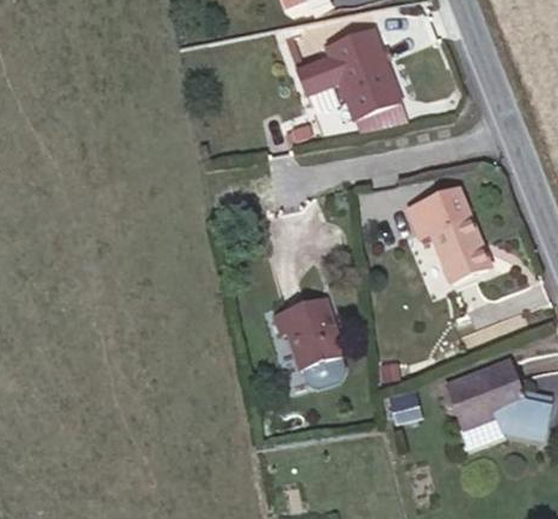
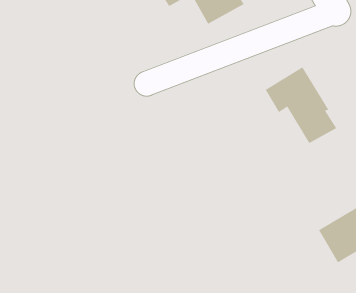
building: [272,297,345,387] -> none

